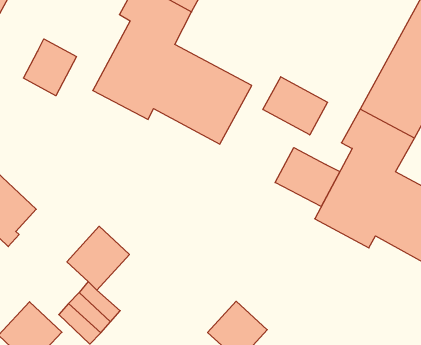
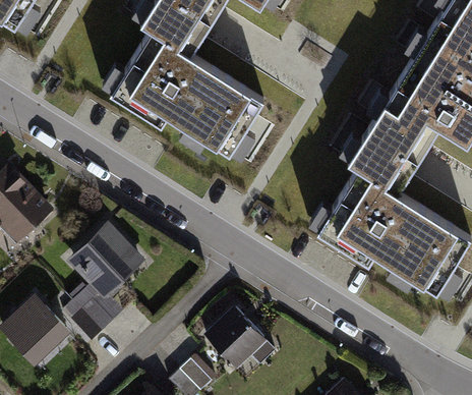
building: [23,39,76,96] -> none
building: [263,77,328,135] -> none
building: [275,148,340,206] -> none

